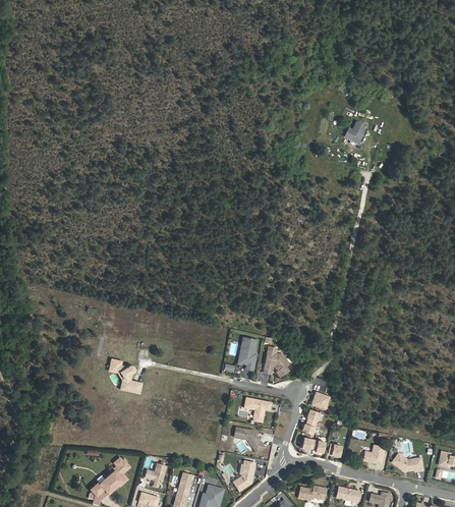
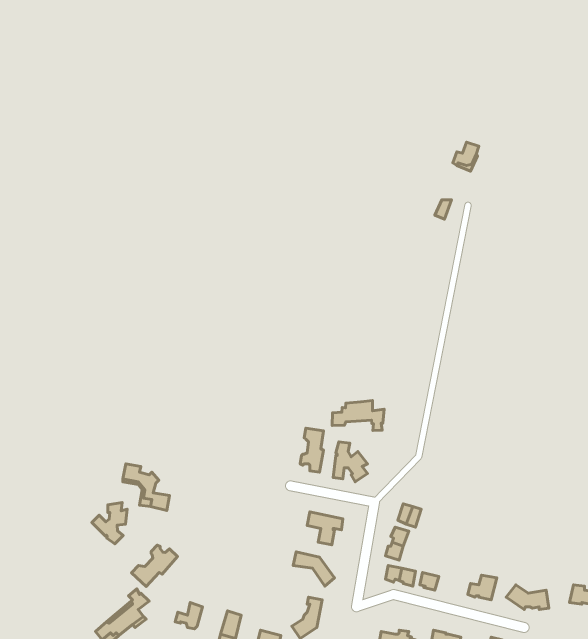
building: none -> [332,400,384,431]
building: none -> [92,502,127,544]
building: none -> [131,545,177,587]

